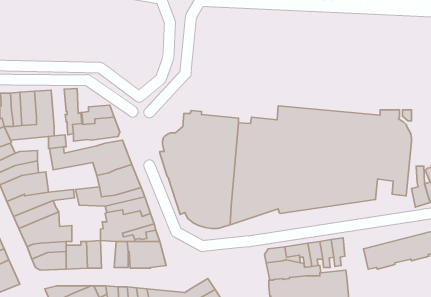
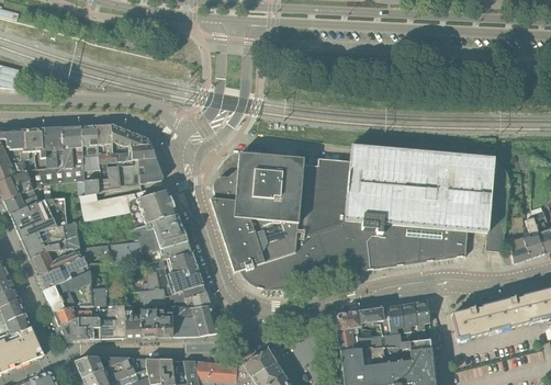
building: none -> [112,123,150,152]
building: none -> [81,124,100,169]
building: none -> [139,303,158,336]

